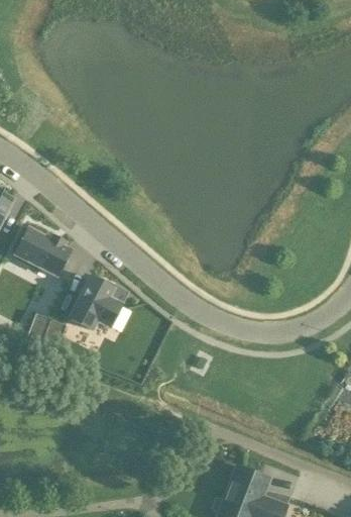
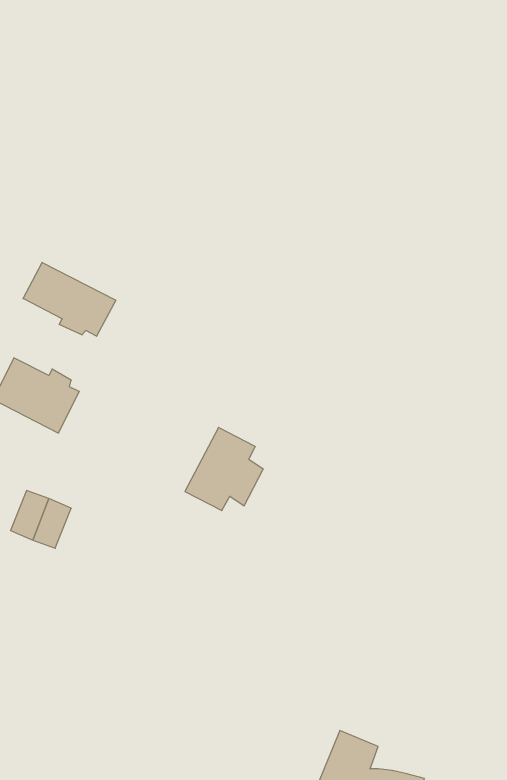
building: none -> [23,262,116,336]
building: [67,278,116,330] -> [185,427,263,511]

